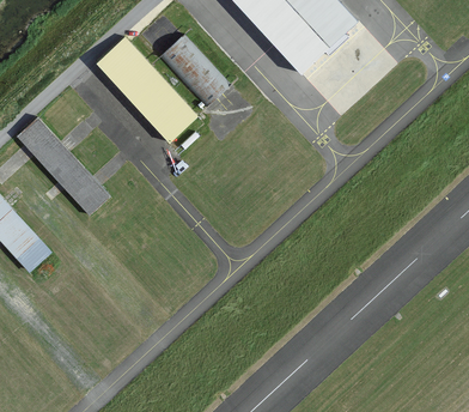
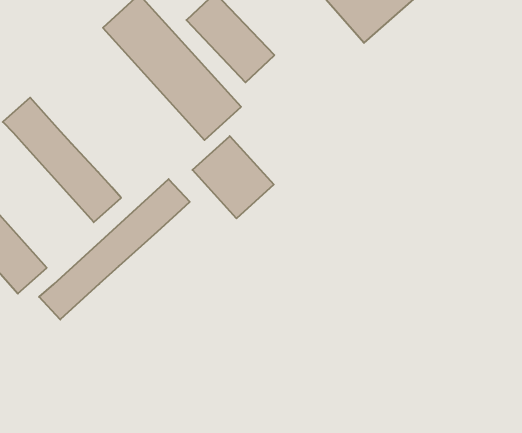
building: none -> [192,136,274,218]
building: none -> [39,179,190,320]

